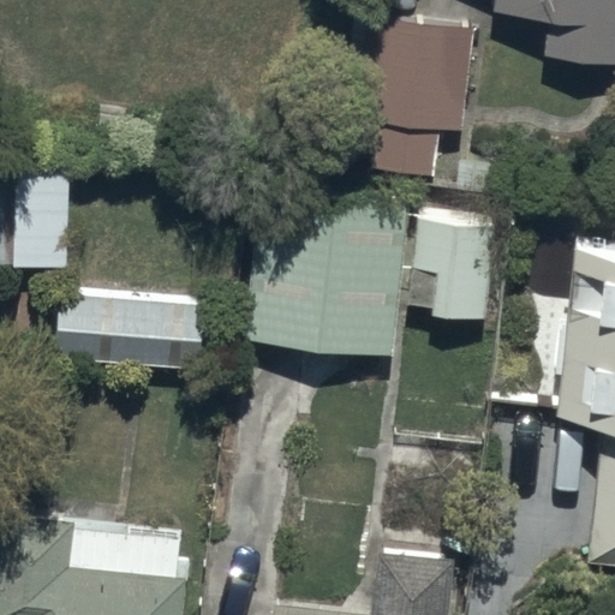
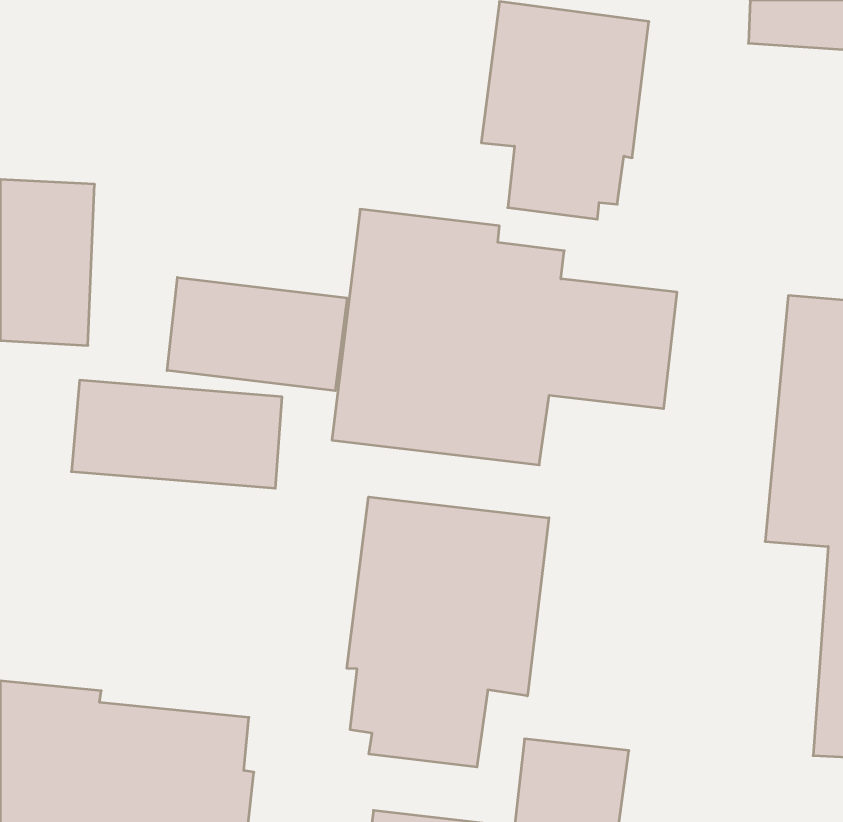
building: none -> [167,277,347,391]
building: none -> [347,497,549,767]

